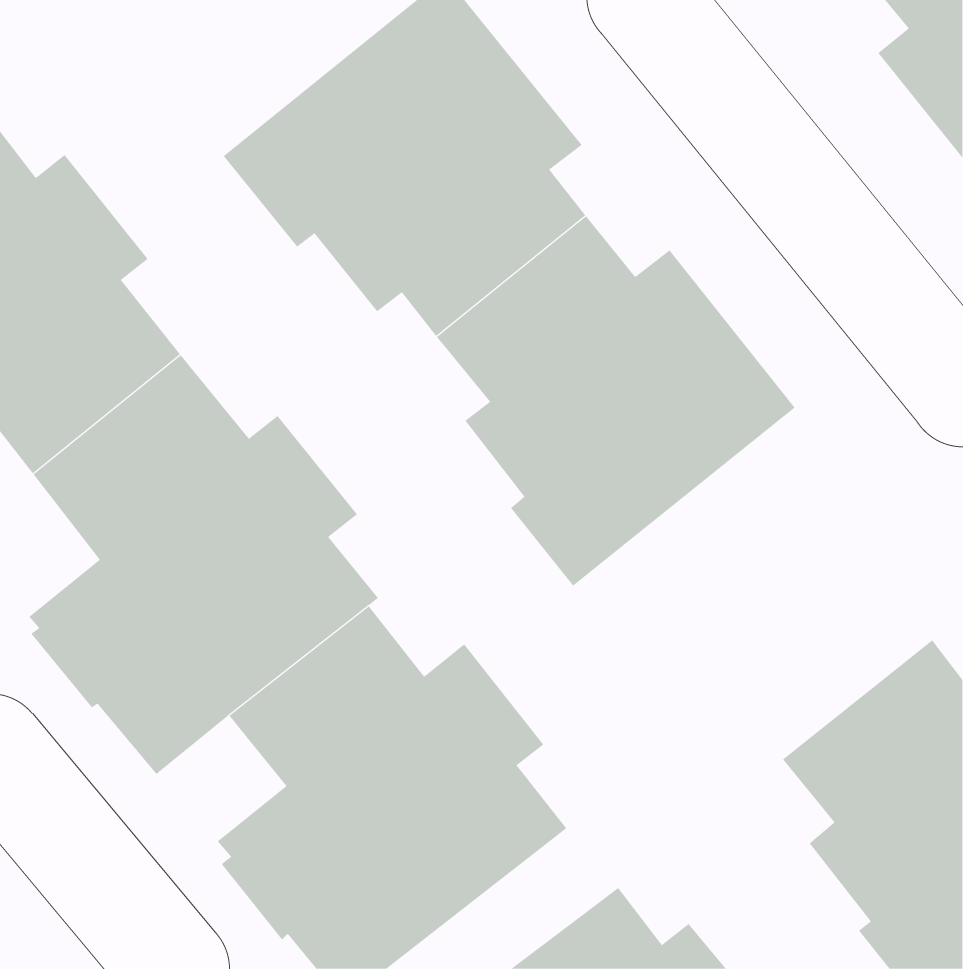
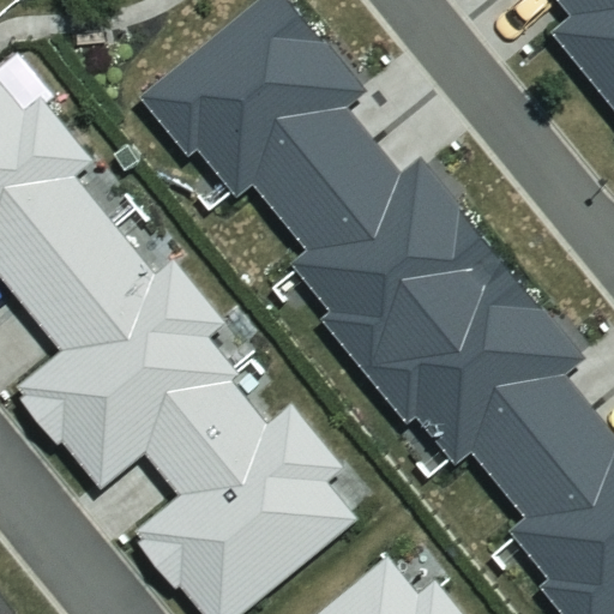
building: none -> [361,257,588,478]

